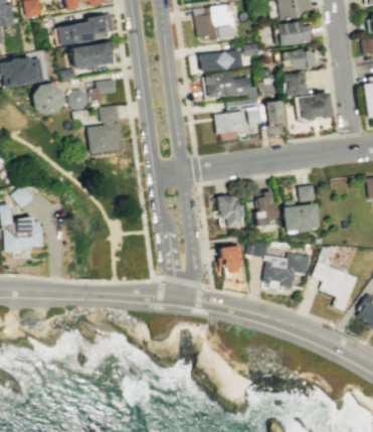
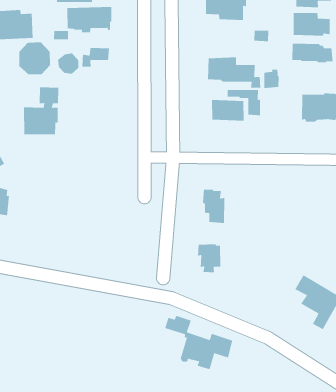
building: [198,49,242,73] -> none
building: [283,71,307,97] -> none
building: [264,100,285,126] -> none
building: [87,105,122,153] -> [23,87,59,135]
building: [282,185,319,233] -> none
building: [254,190,278,231] -> none
building: [245,241,310,287] -> [164,315,233,370]

